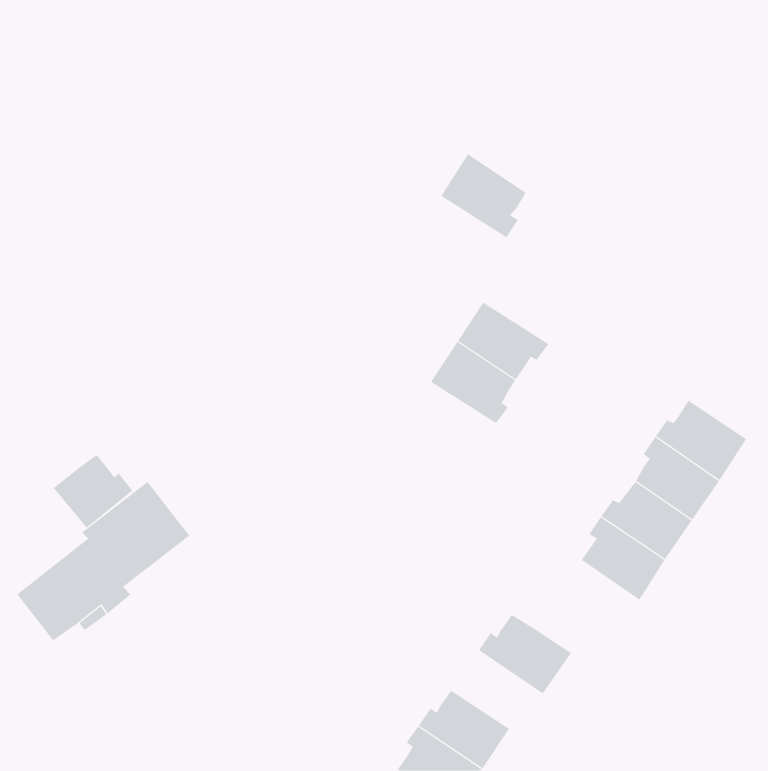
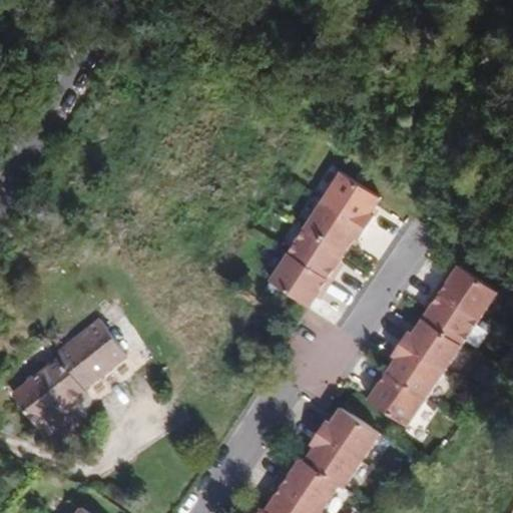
building: [440,154,526,238] -> [321,172,378,228]
building: none -> [269,253,330,307]
building: [53,454,133,529] -> none
building: none -> [368,370,425,425]
building: none -> [304,432,361,487]

